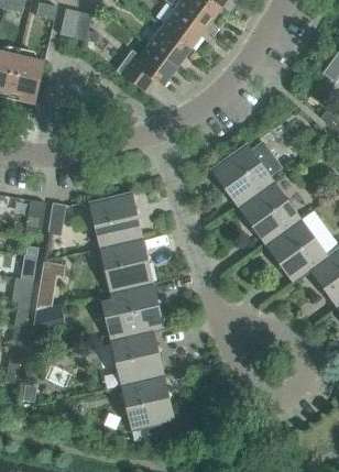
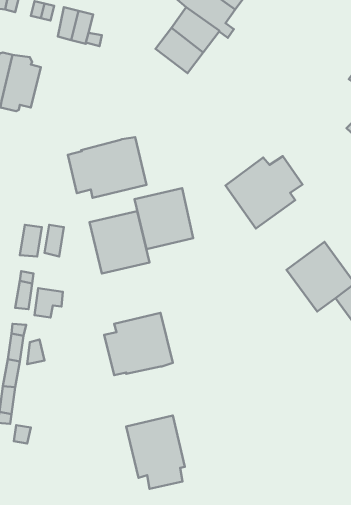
building: [116,44,176,91] -> none
building: none -> [68,137,146,198]
building: [238,180,299,243] -> none
building: [99,237,152,292] -> [134,188,193,249]
building: [110,330,163,384] -> none

